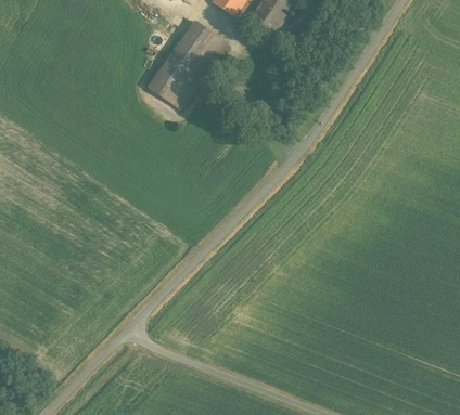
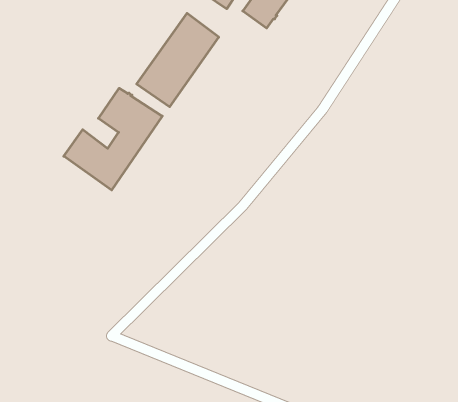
building: none -> [64,88,162,190]

